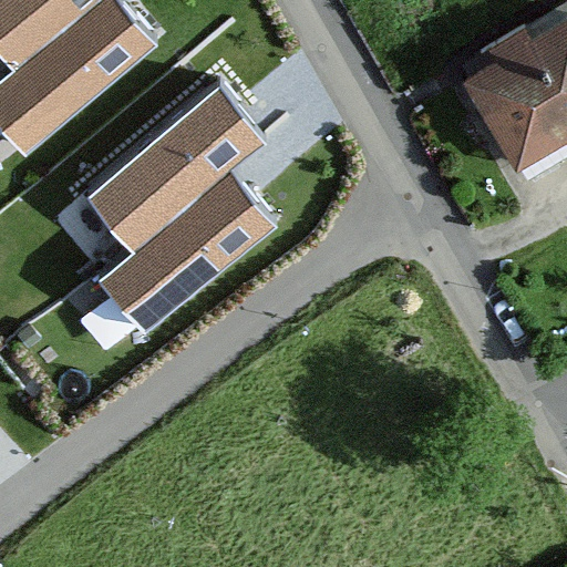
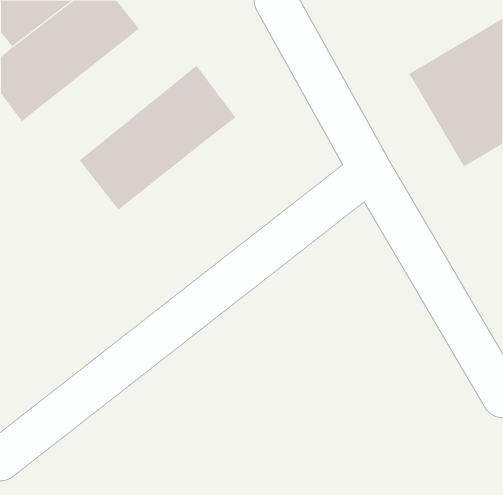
building: [100,167,277,330] -> none

